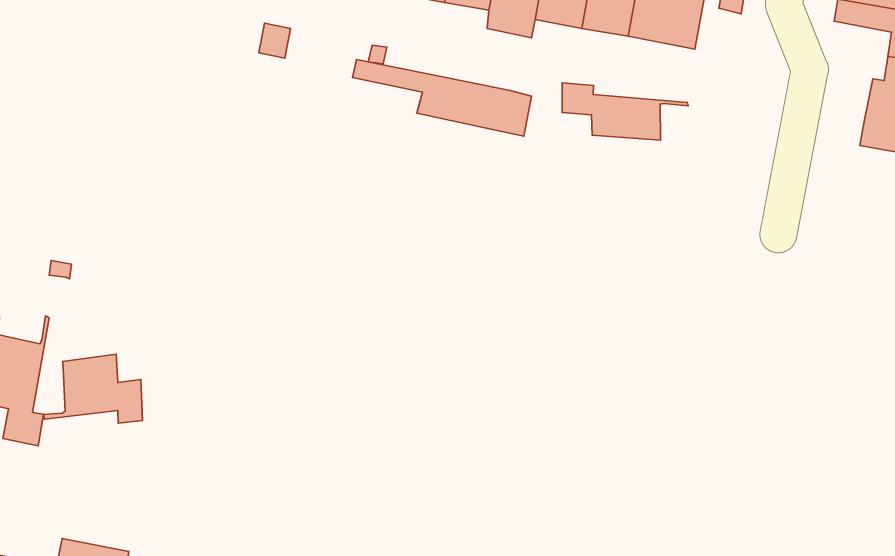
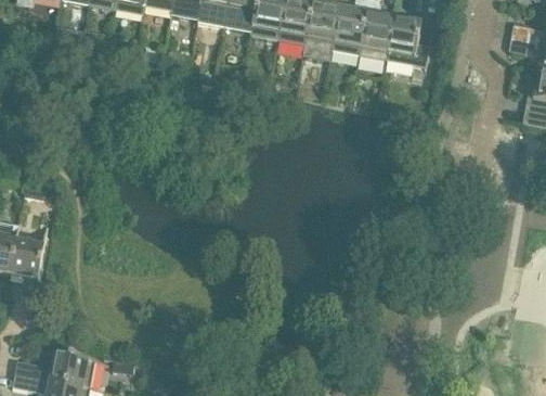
building: [353,60,531,136] -> none
building: [562,83,688,140] -> none
building: [44,354,142,423] -> none

